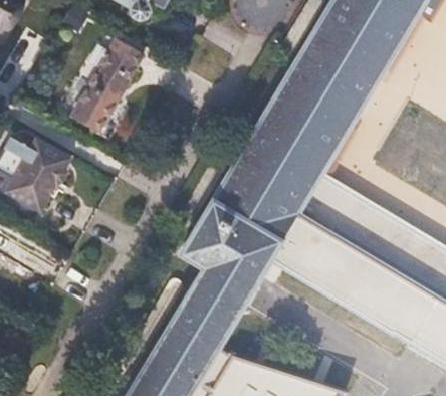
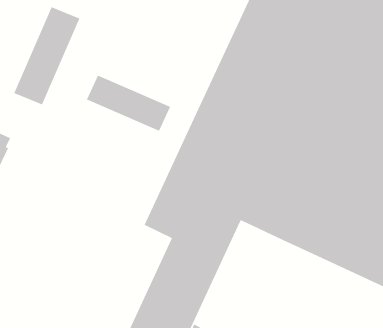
building: none -> [86,74,171,132]

